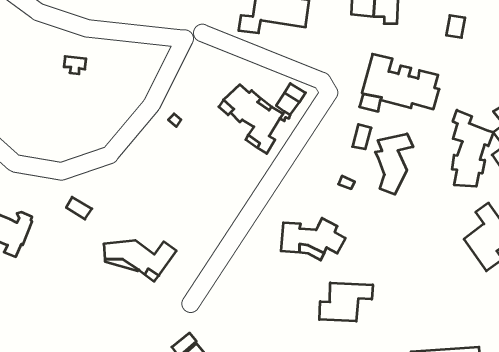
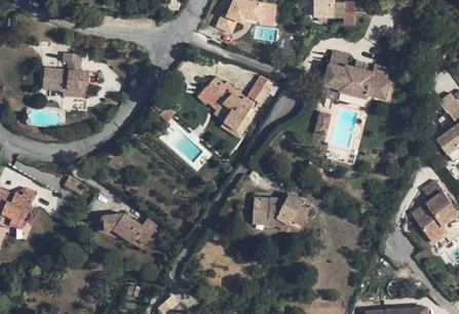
building: none -> [42,68,89,93]
building: [452,110,493,186] -> none
building: [375,134,413,194] -> none
building: [319,283,373,321] -> none

